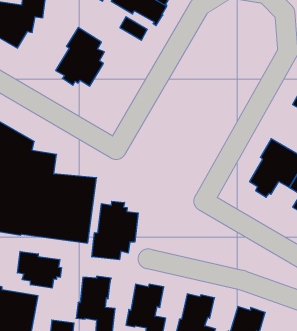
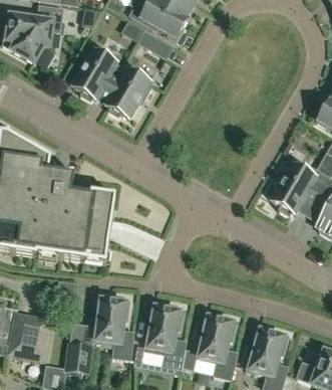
building: none -> [106,66,152,118]
building: [92,201,138,260] -> none
building: [17,251,61,288] -> none

